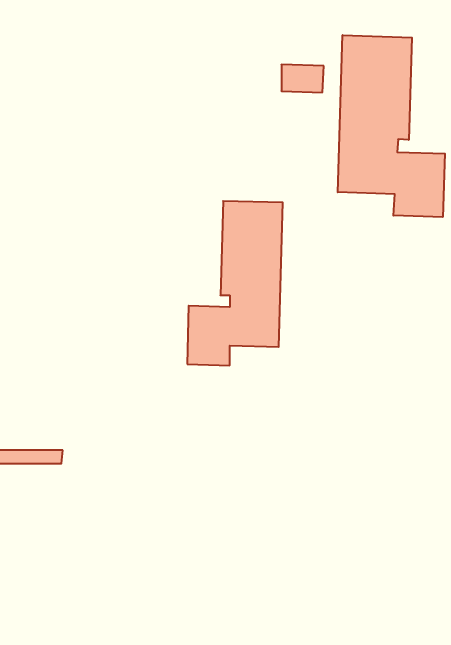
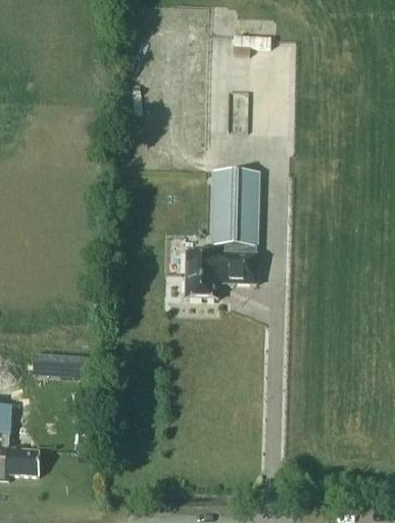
building: [338,35,445,217] -> none

